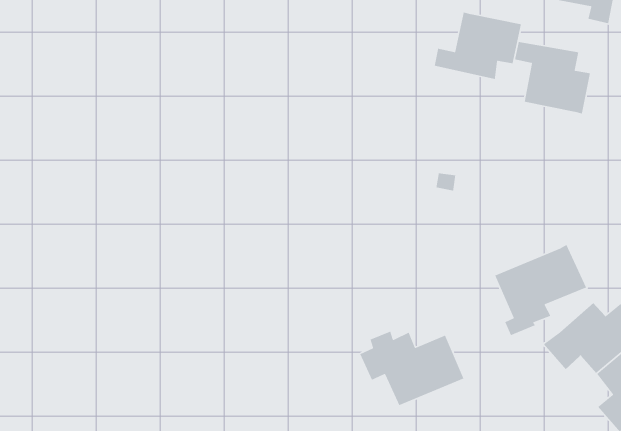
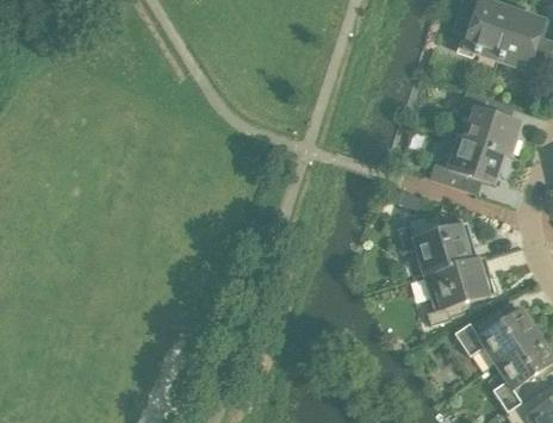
building: [434,12,522,80] -> [430,137,504,194]
building: [359,331,464,406] -> [398,213,479,274]

